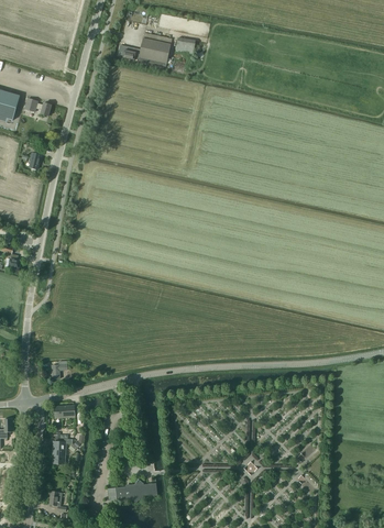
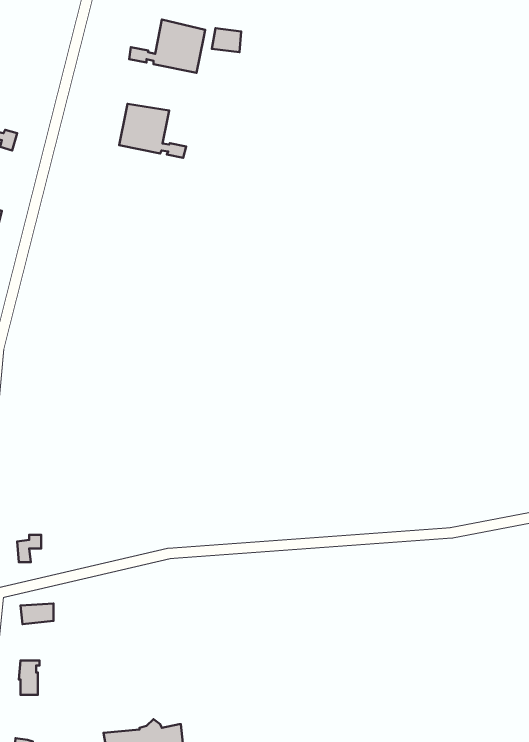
building: none -> [119,104,186,158]

